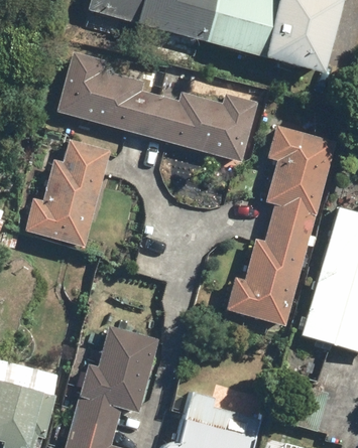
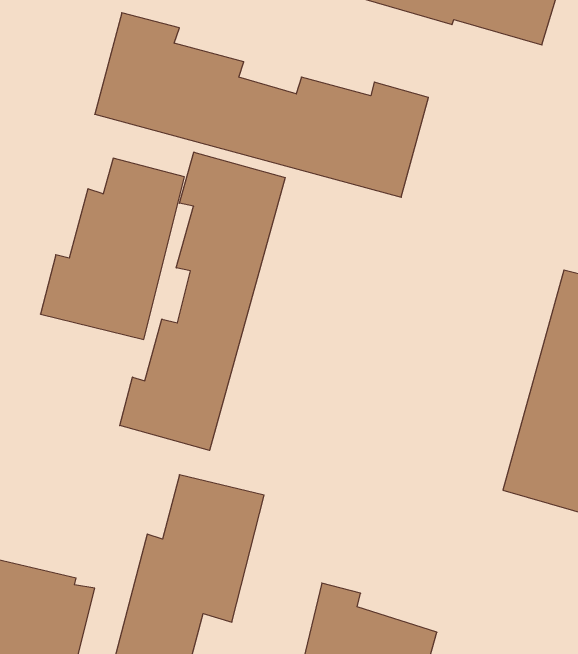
building: [227,127,335,325] -> none
building: none -> [120,152,285,450]

